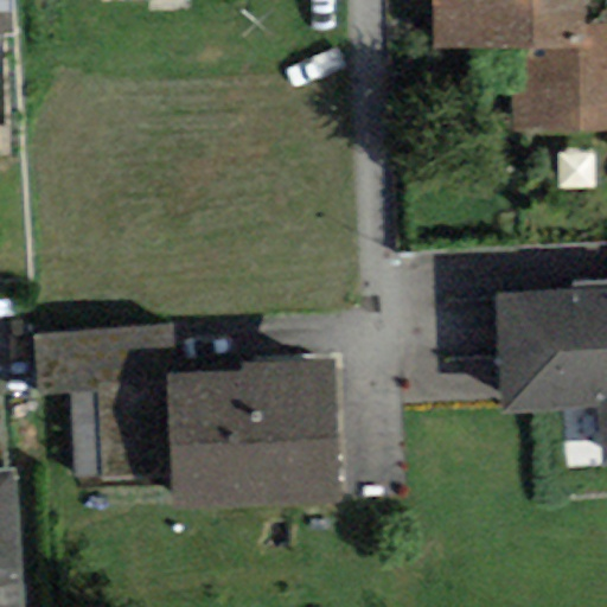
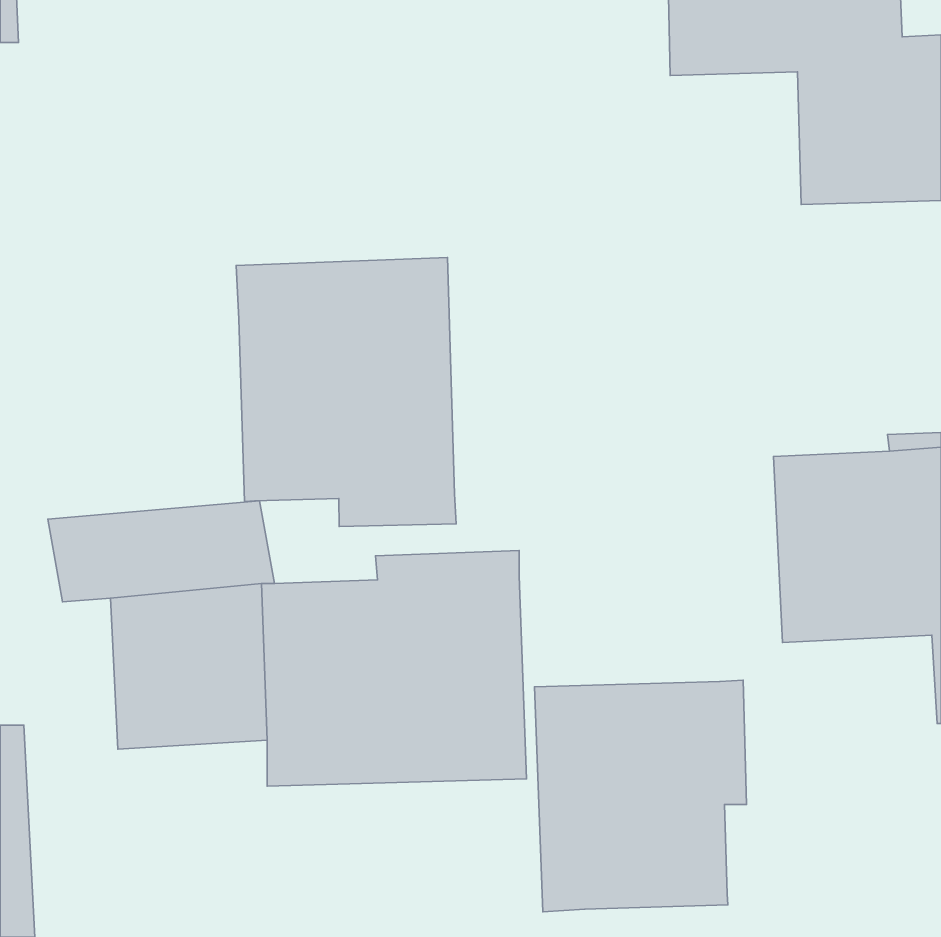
building: none -> [236,257,456,527]
building: none -> [535,680,747,912]

